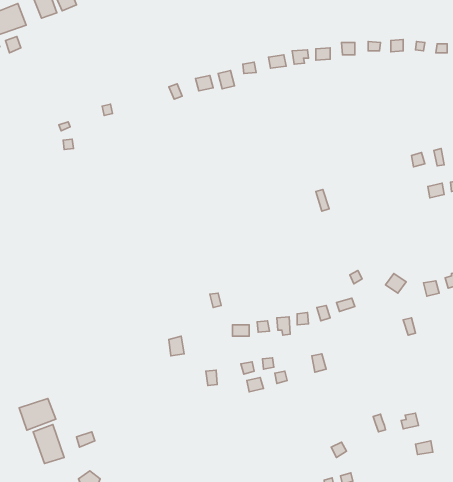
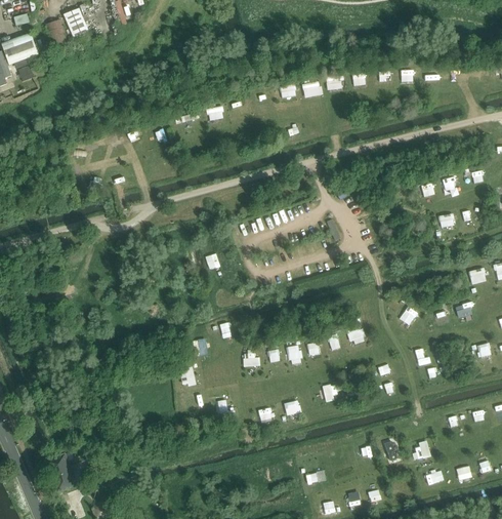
building: [19,398,56,430] -> none

